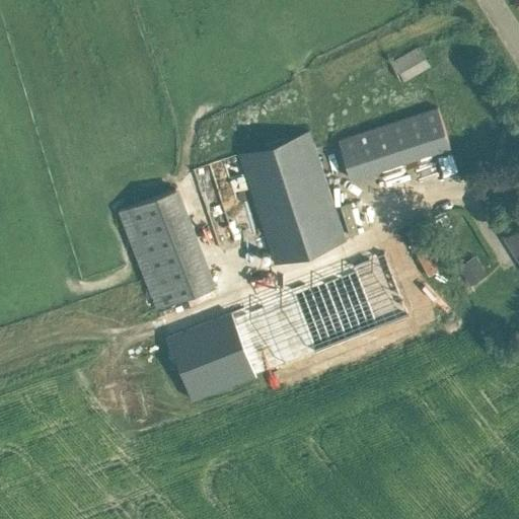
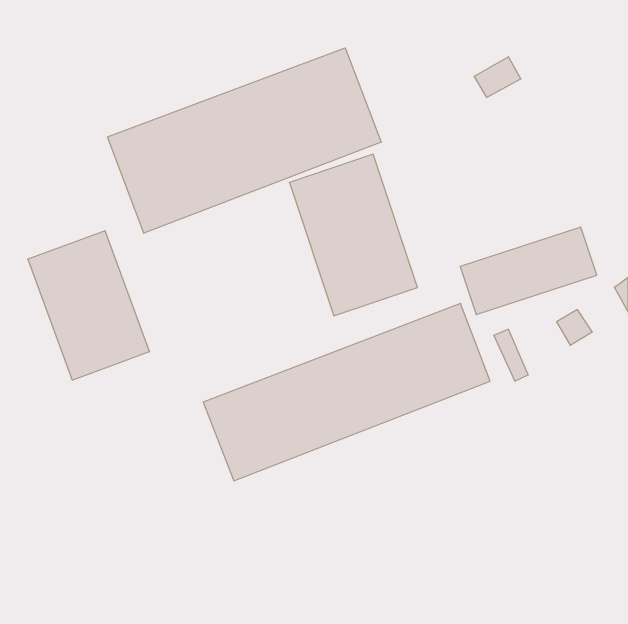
building: none -> [108,48,381,233]
building: [338,110,450,182] -> [460,227,597,315]
building: [120,190,220,312] -> [28,231,150,380]

